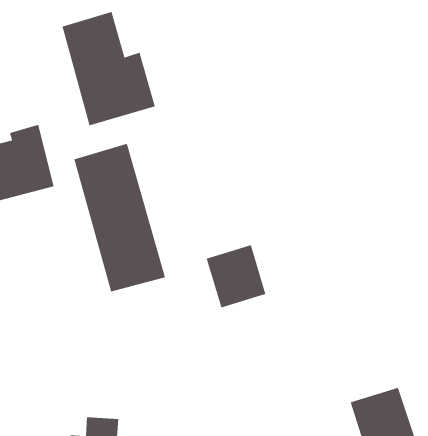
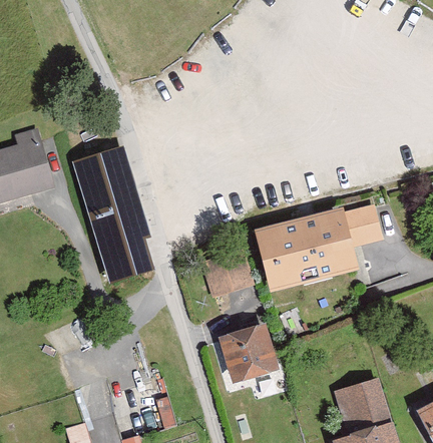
building: [62,11,156,126] -> none
building: none -> [256,203,382,289]
building: none -> [218,324,279,386]

